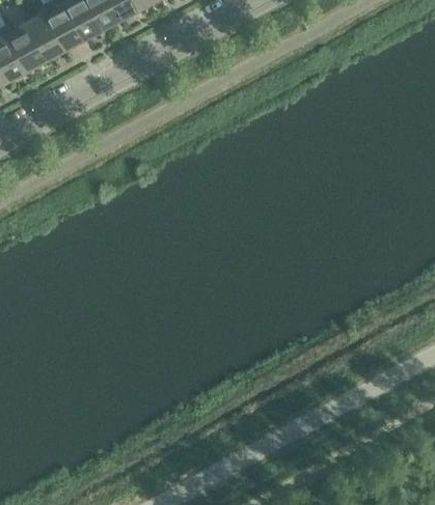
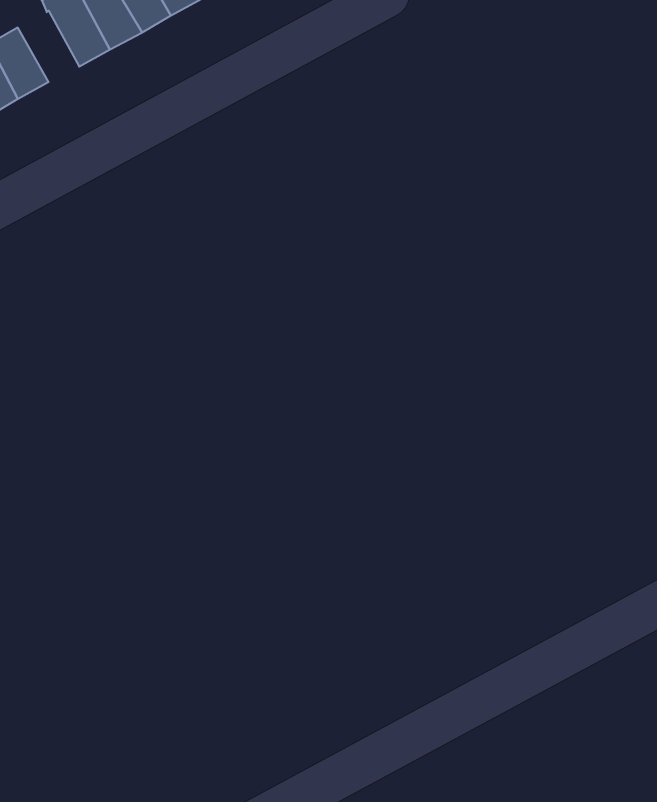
building: [29,16,66,59] -> none

